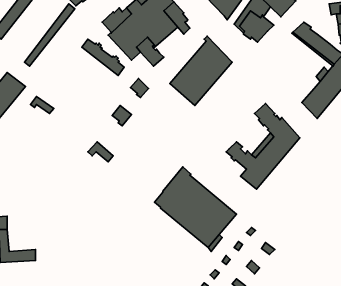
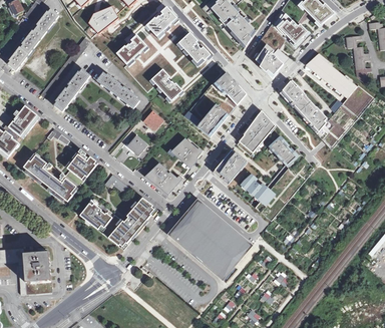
building: none -> [53,69,90,111]
building: none -> [280,79,328,134]
building: none -> [237,111,275,155]
building: none -> [170,138,200,167]
building: none -> [20,148,99,204]
building: none -> [213,150,246,185]
building: none -> [146,162,178,192]
building: none -> [78,196,157,252]
building: none -> [23,252,51,283]

